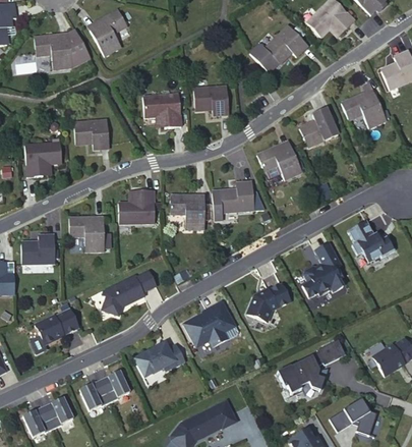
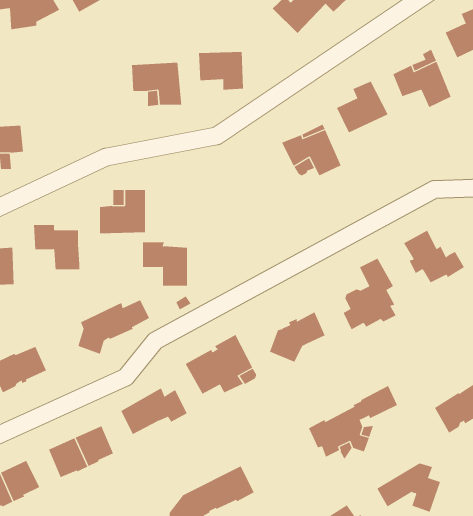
building: [73,119,109,149] -> none
building: [219,181,254,213] -> none
building: [170,194,204,228] -> [142,242,188,286]

